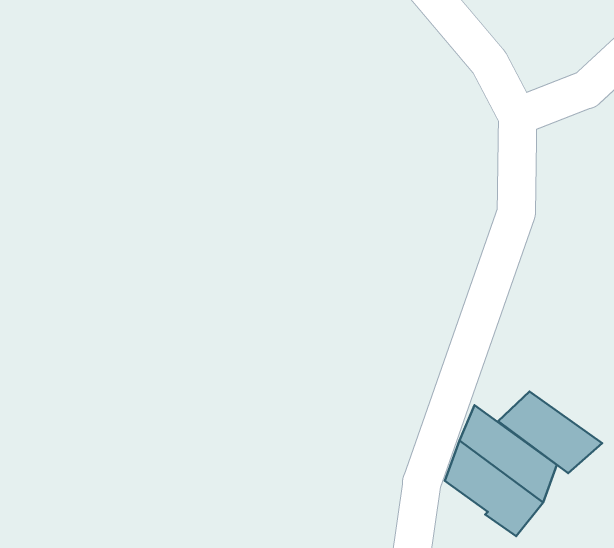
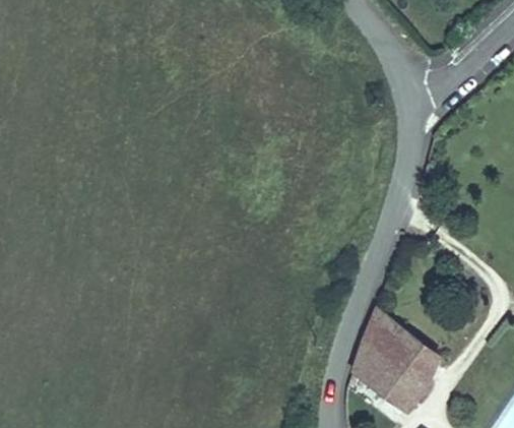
building: [498,391,602,473] -> none

